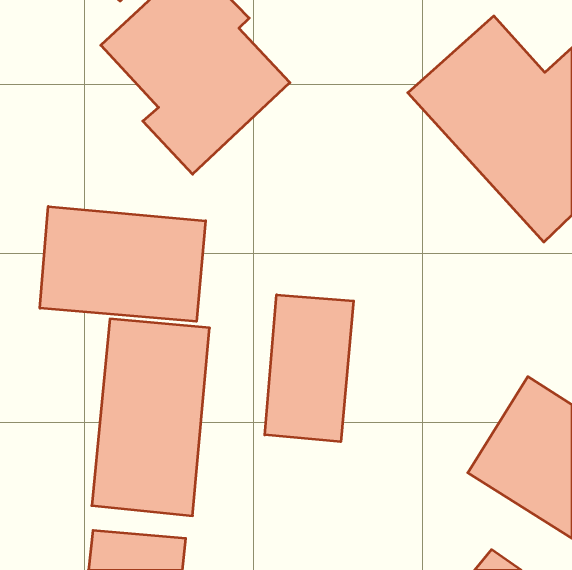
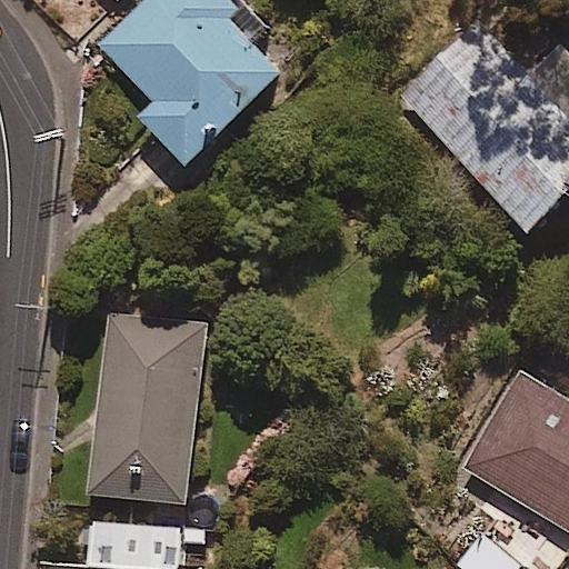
building: [40,206,206,321] -> none
building: [265,295,354,442] -> none

